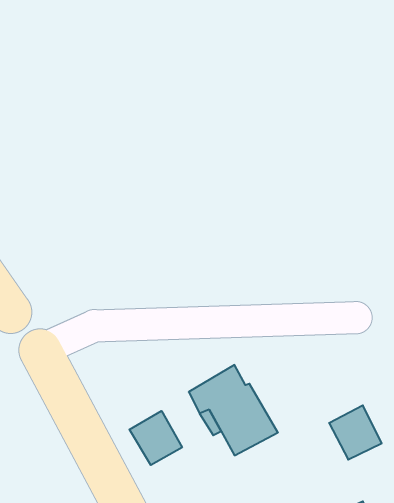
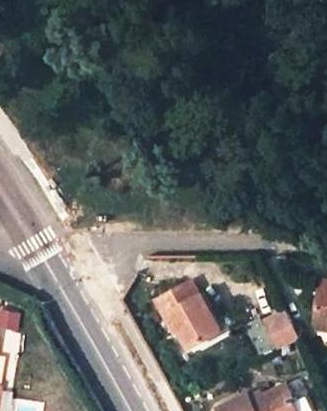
building: [129,411,182,465] -> none

